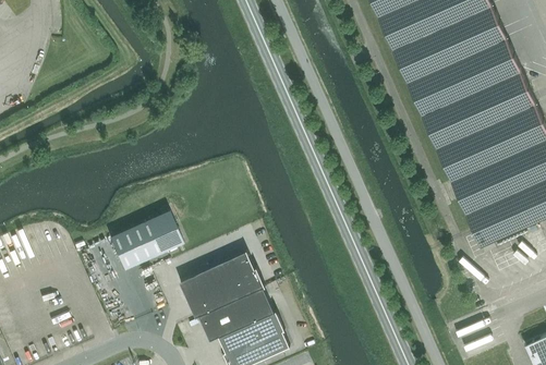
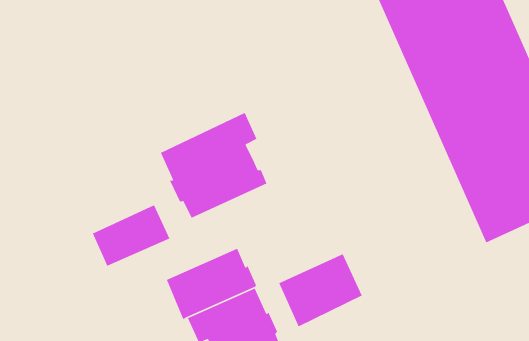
building: none -> [160,112,267,219]
building: none -> [278,253,363,328]

